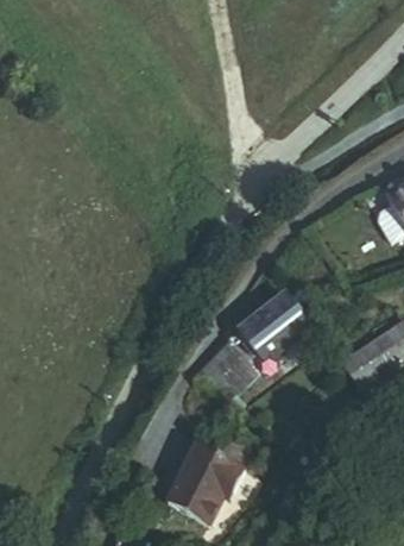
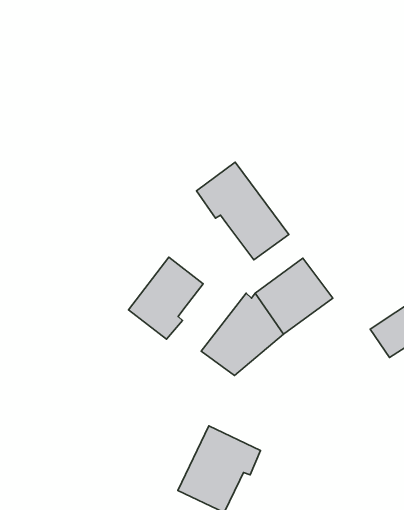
building: none -> [196,162,289,260]
building: none -> [128,257,203,339]

